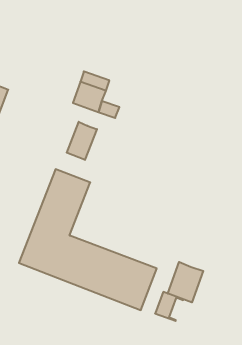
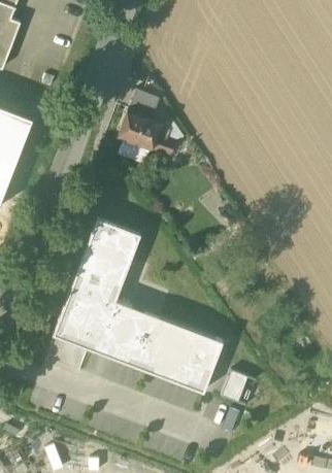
building: [67,122,97,160] -> none
building: [168,262,203,302] -> none

